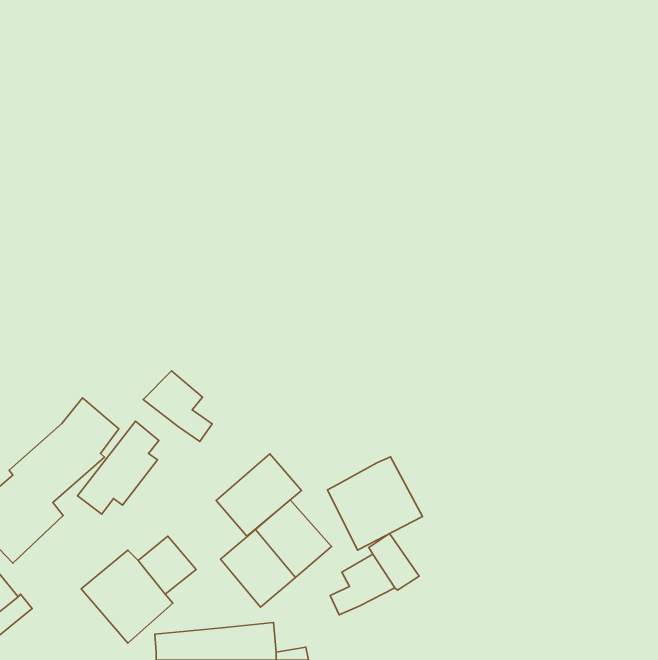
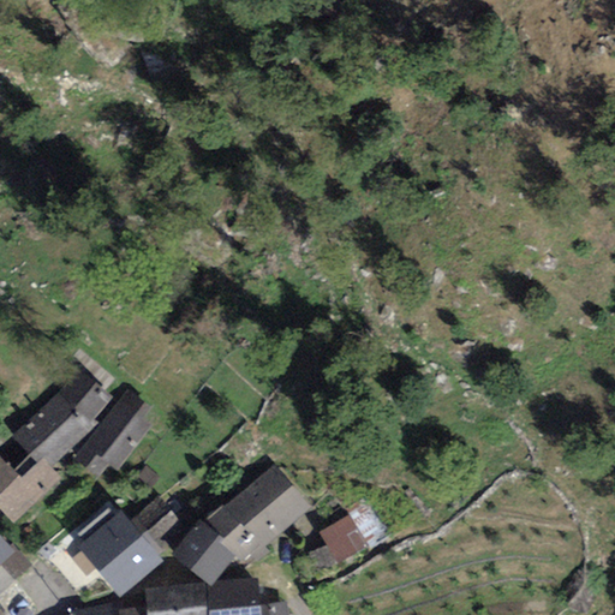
building: [143,371,212,441] -> none
building: [216,454,301,536] -> none
building: [328,457,422,550] -> none
building: none -> [171,524,234,584]

